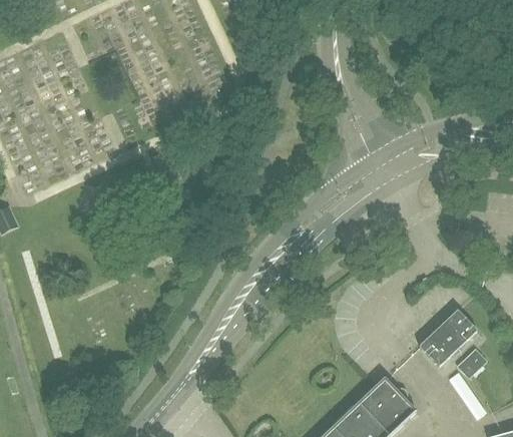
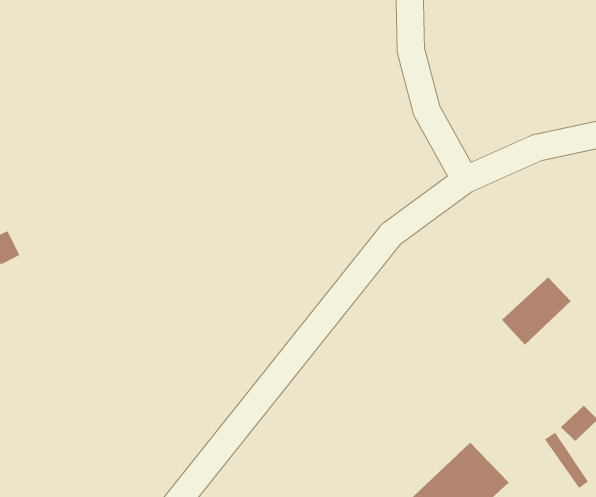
building: [419,311,476,367] -> [501,276,572,346]

